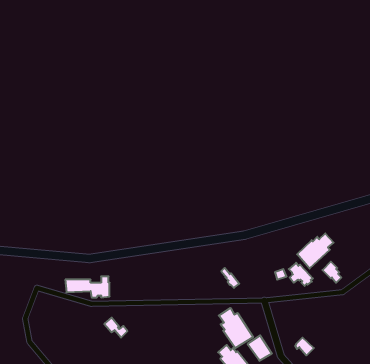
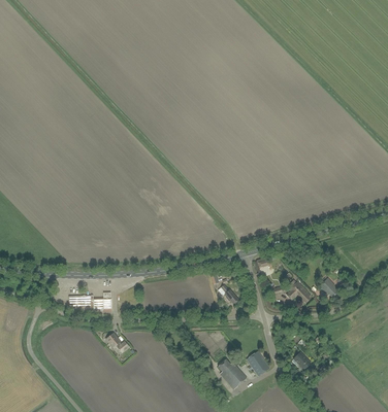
building: [297,233,334,269] -> none
building: [219,308,253,348] -> none

